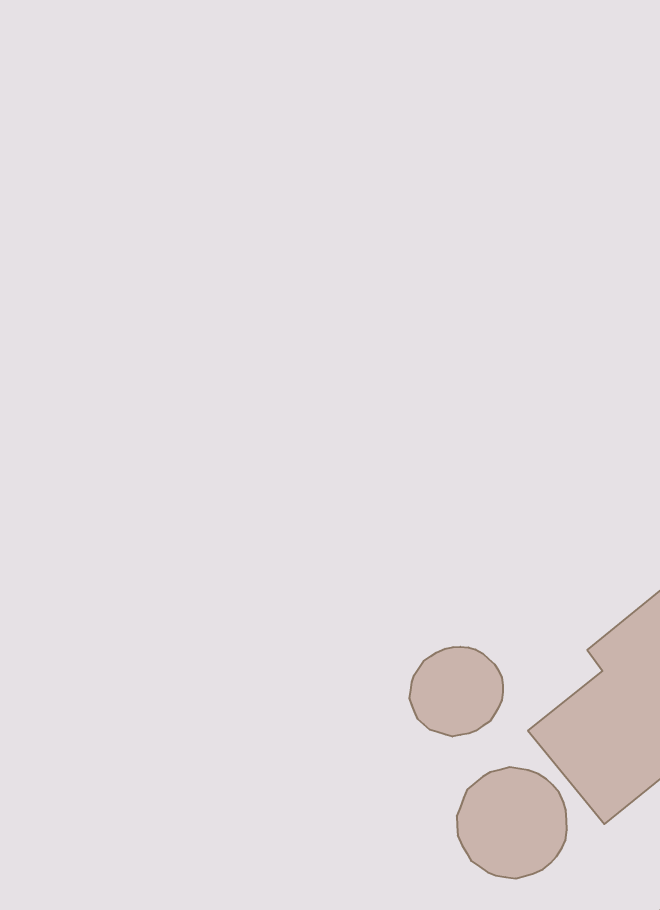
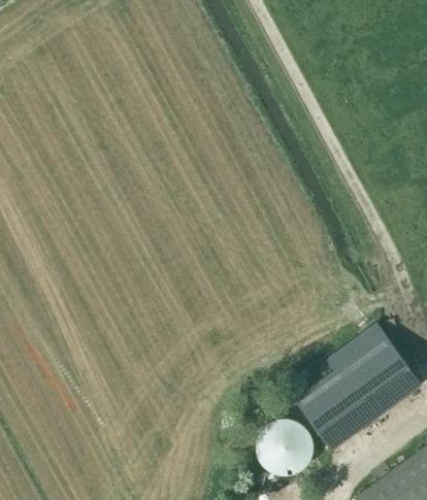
building: [410,647,503,737] -> none

